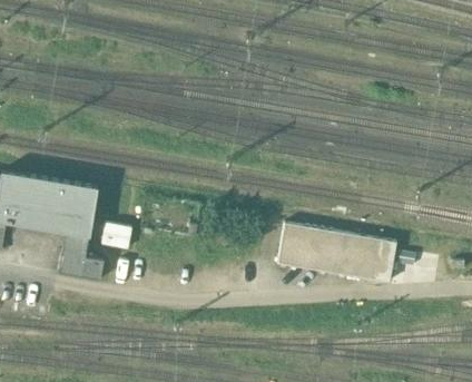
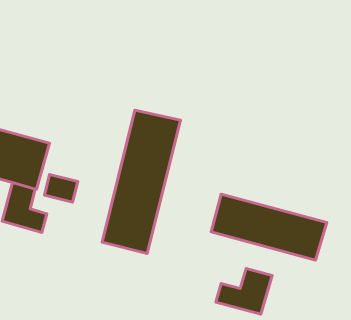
building: none -> [102,110,180,254]
building: none -> [216,269,272,314]

